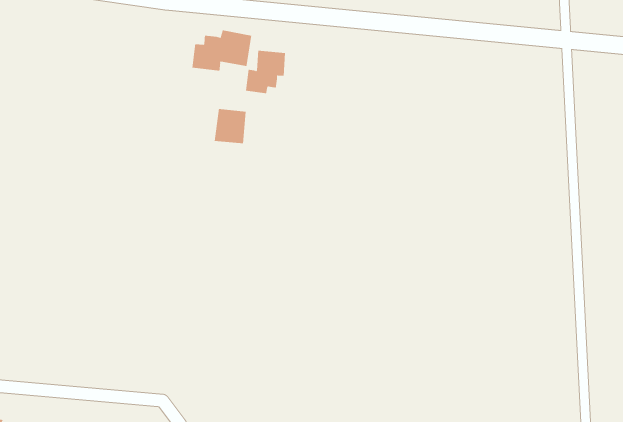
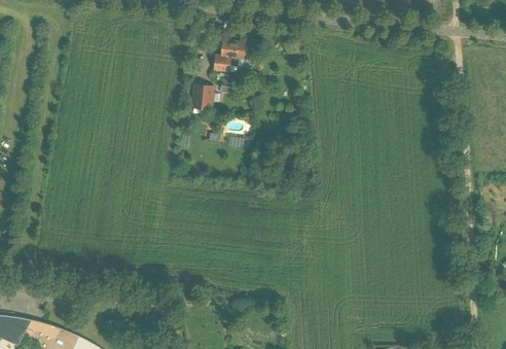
building: [192,30,252,72] -> none

